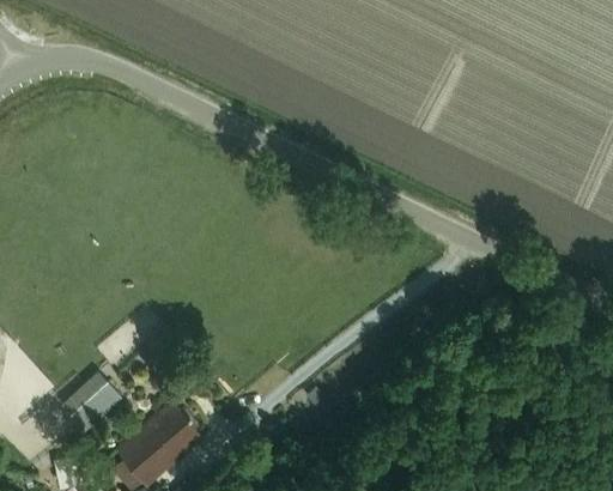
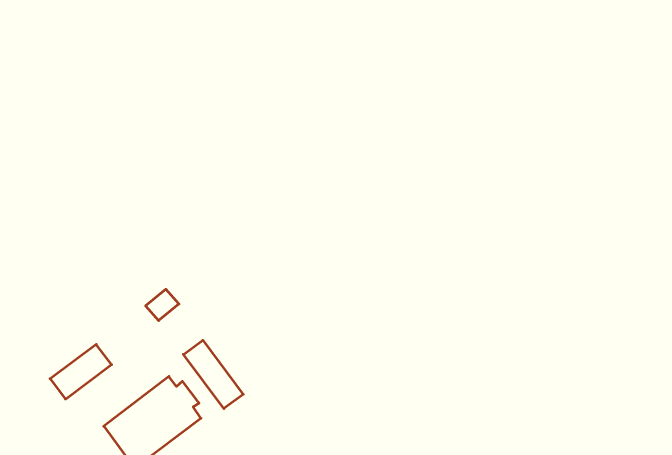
building: none -> [183,340,243,409]

